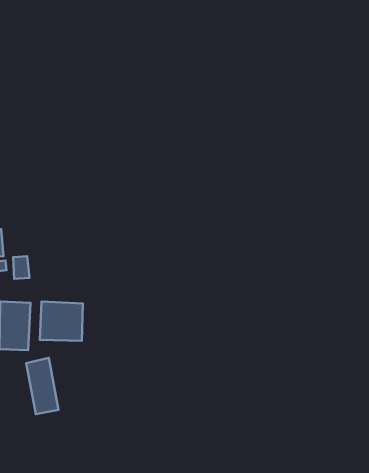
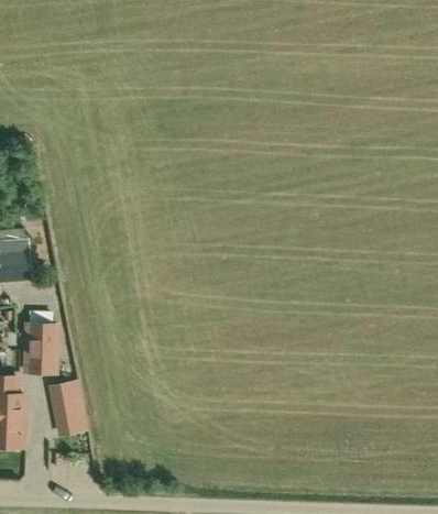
building: [40,301,83,341] -> none

